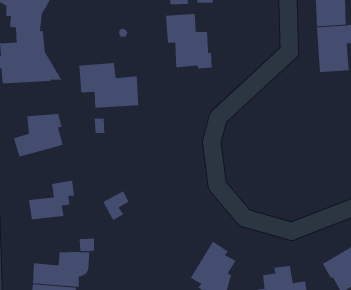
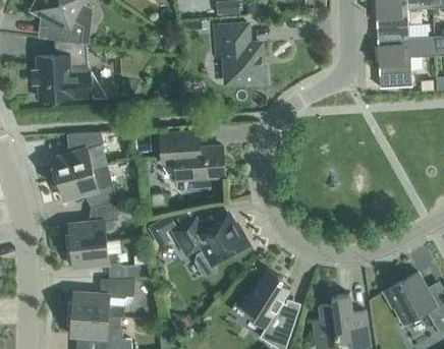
building: [78,63,139,108] -> [160,131,225,180]
building: none -> [58,165,116,207]
building: none -> [174,215,251,275]
building: none -> [71,240,121,268]

